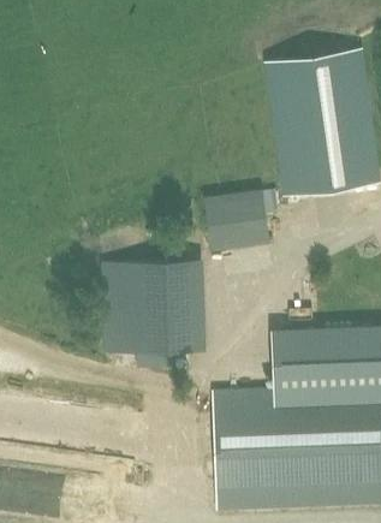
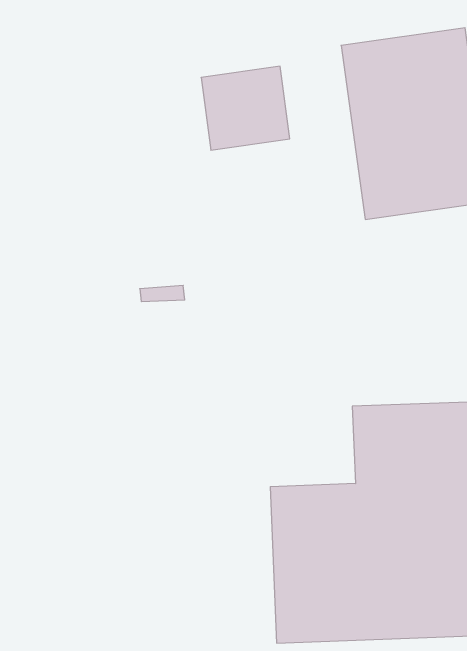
building: [202,189,268,251] -> [201,66,290,150]
building: [99,260,204,352] -> none

